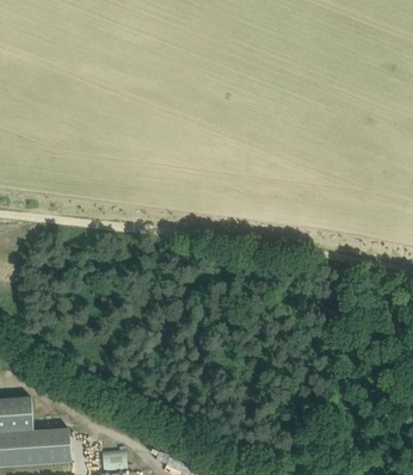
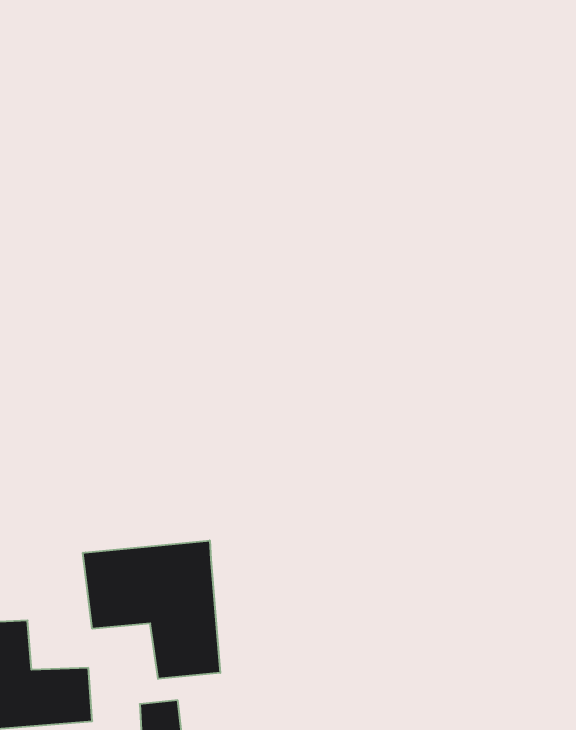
building: none -> [83,540,220,679]

